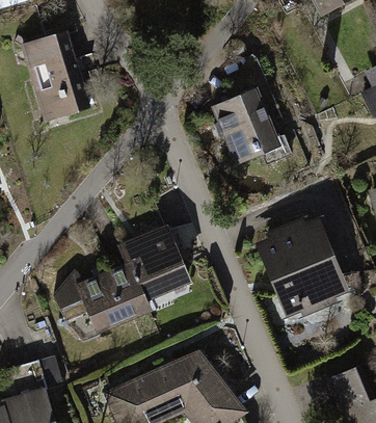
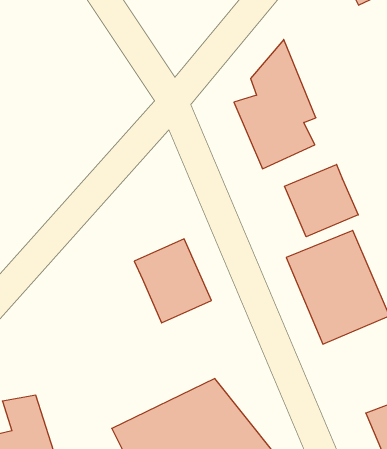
building: [18,31,91,126] -> none
building: none -> [285,164,358,237]
building: [54,261,153,333] -> none

